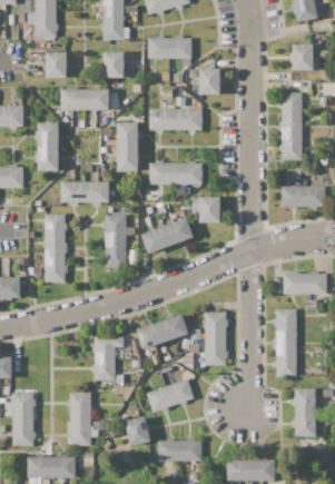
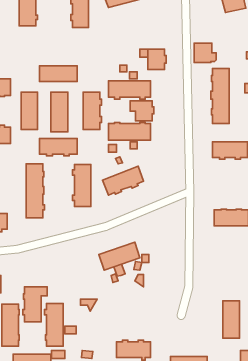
building: [148,36,191,58] -> none
building: [293,45,321,69] -> [194,43,216,62]
building: [104,51,125,77] -> none
building: [46,52,70,78] -> none
building: none -> [51,92,68,132]
building: [193,197,223,223] -> [130,101,154,121]
building: [275,308,297,377] -> none
building: [205,312,228,365] -> none
building: [92,336,124,381] -> [23,287,47,322]
building: [147,378,195,412] -> none
building: [125,416,151,445] -> none

